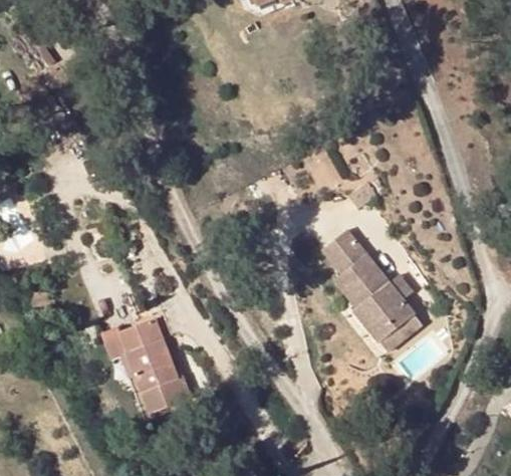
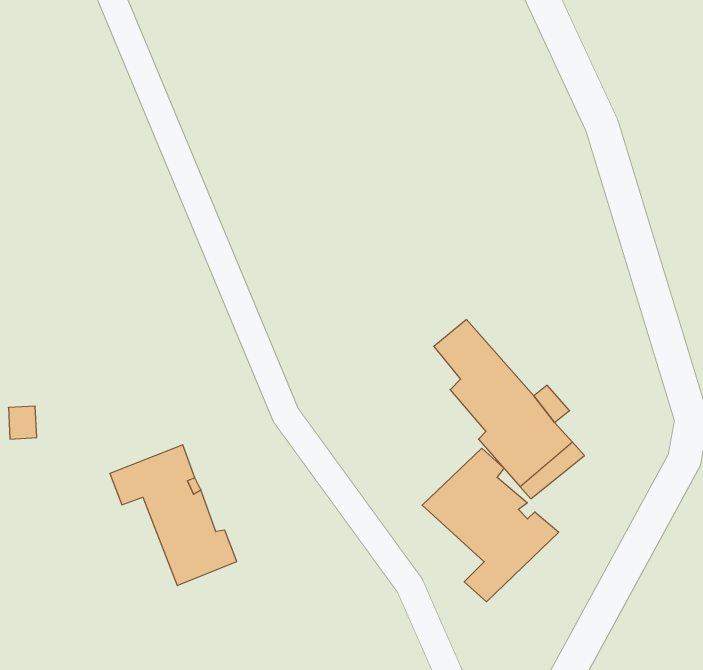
building: none -> [422,448,559,602]

